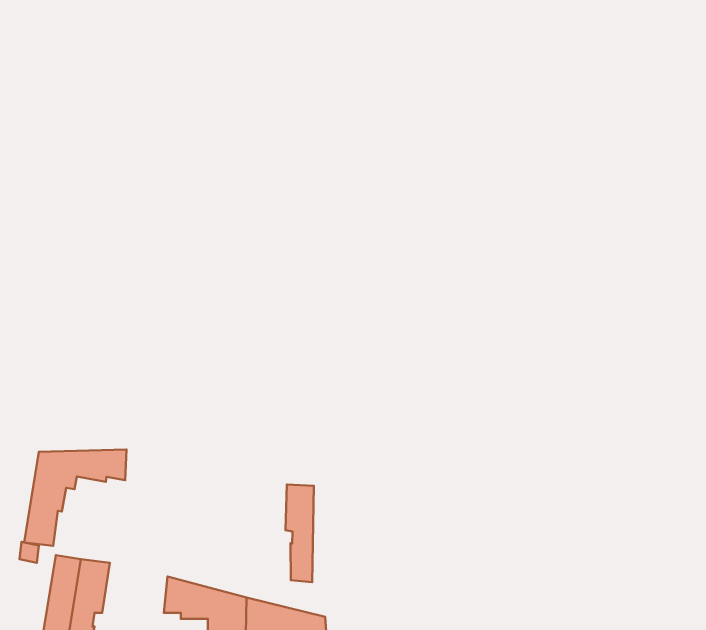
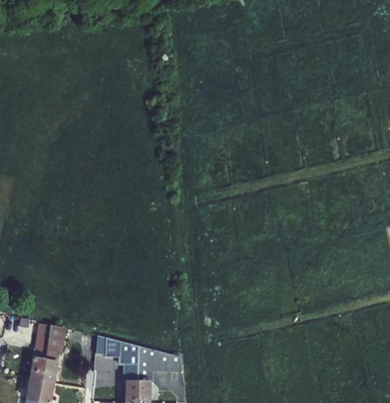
building: [24,449,127,546] -> none
building: [286,485,314,582] -> none

